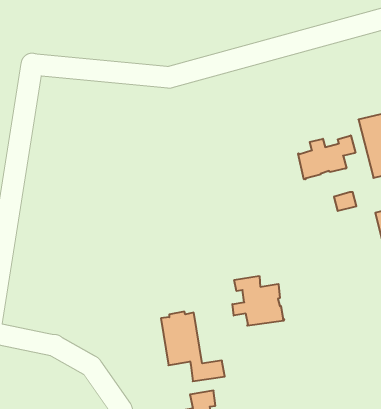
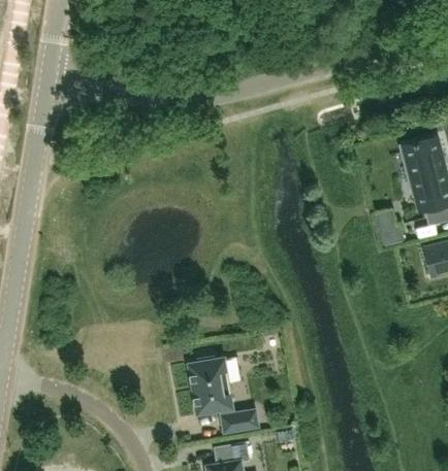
building: [298,135,355,179] -> none
building: [232,276,284,326] -> none

